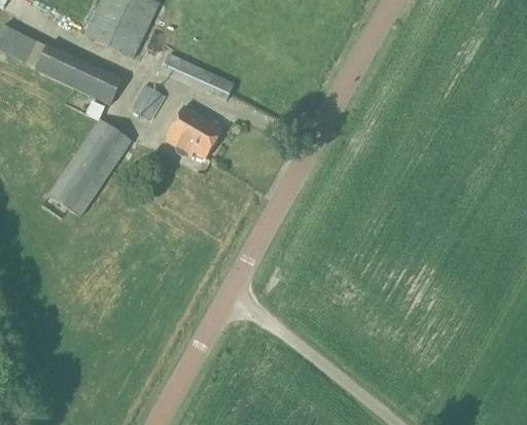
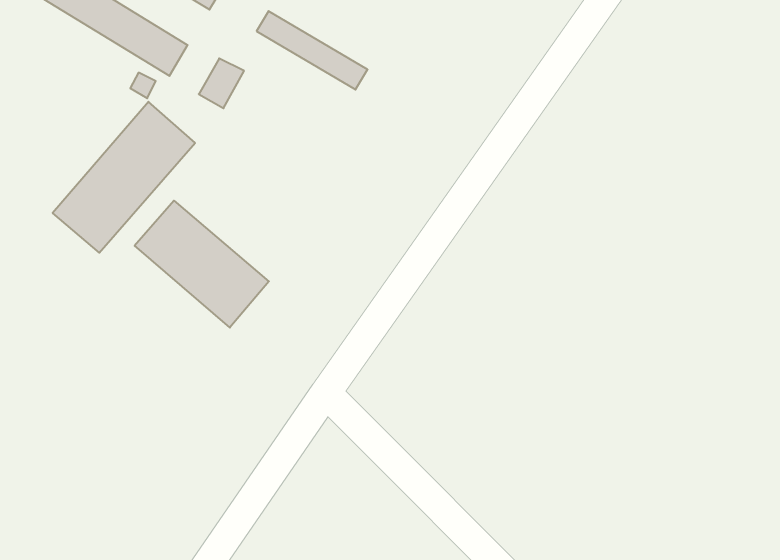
building: [165,105,221,157] -> none
building: none -> [135,201,269,328]

